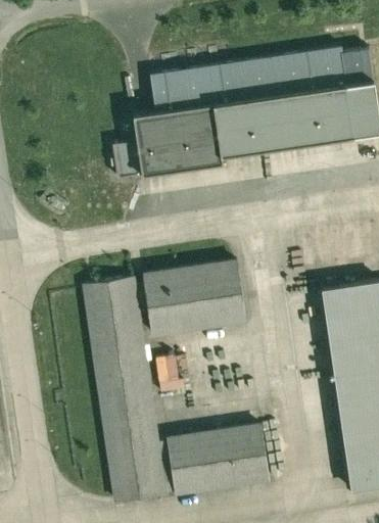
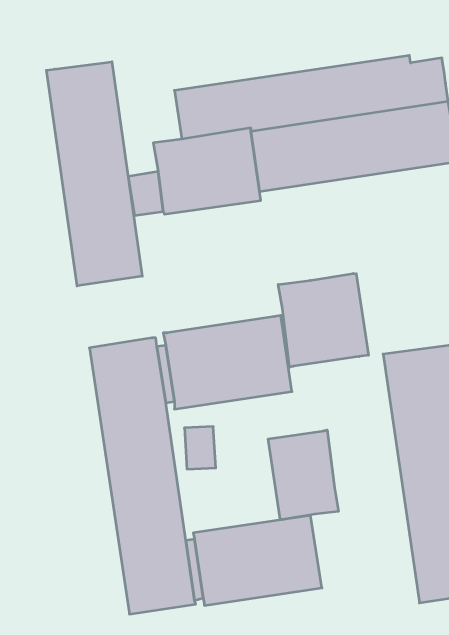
building: none -> [46,62,142,286]
building: none -> [278,273,368,367]
building: none -> [268,430,338,520]

